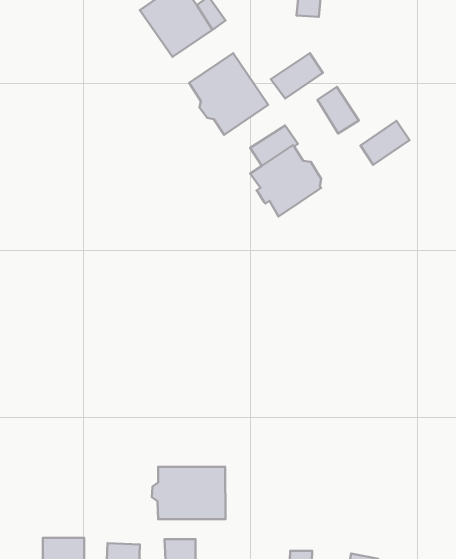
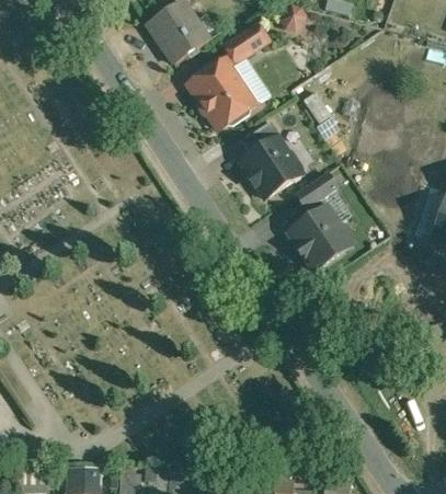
building: [271,53,323,99] -> [225,23,268,61]
building: [360,121,410,165] -> [296,172,338,209]
building: none -> [289,207,352,269]
building: [152,467,225,519] -> none

